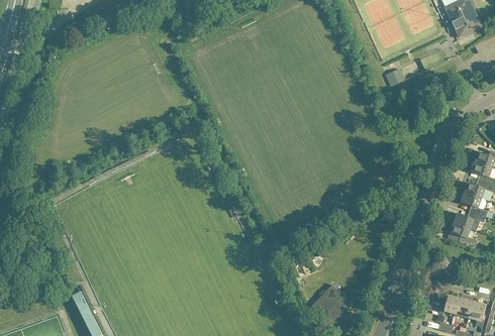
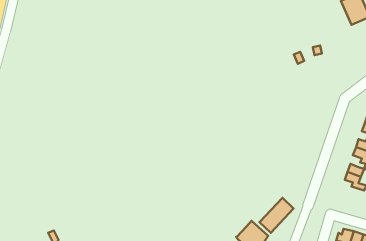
building: none -> [260,198,294,233]

